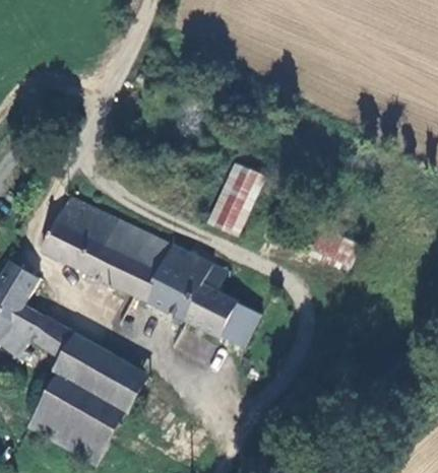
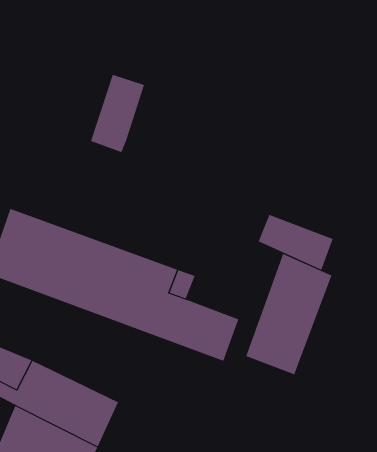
building: [207,163,261,234] -> [90,74,145,153]
building: none -> [245,253,332,375]

